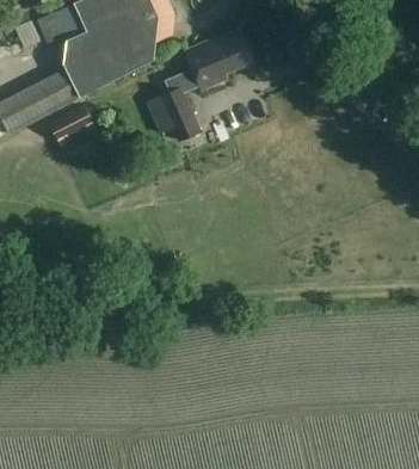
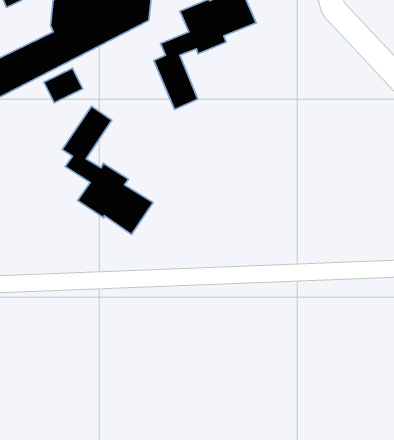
building: none -> [62,106,153,234]

